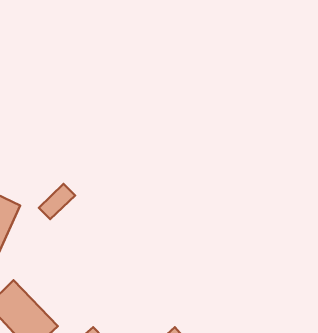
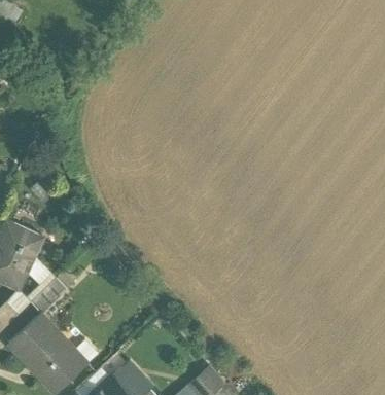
building: [39,184,75,219] -> [31,275,70,313]

